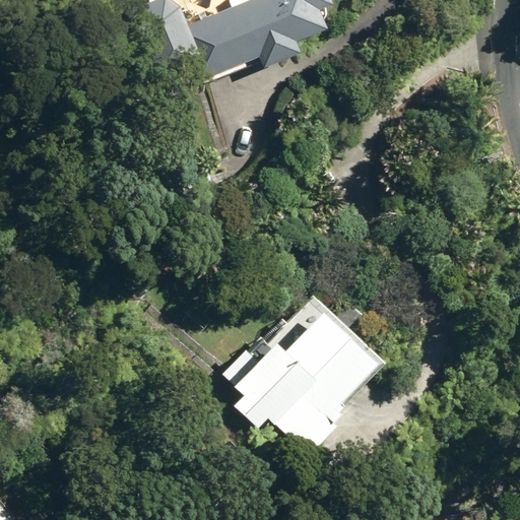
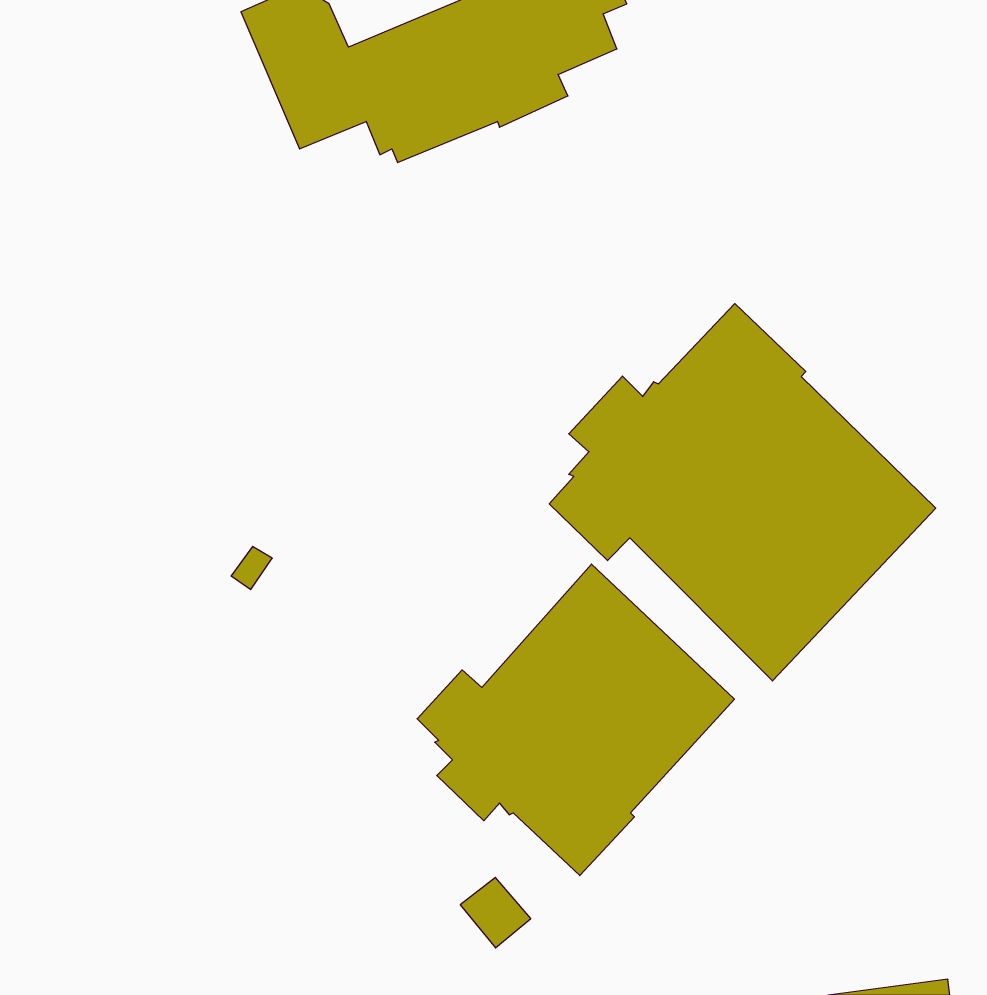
building: none -> [549,304,936,681]

